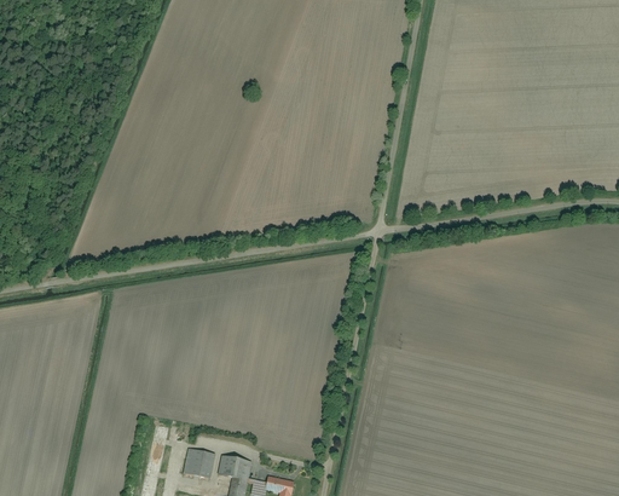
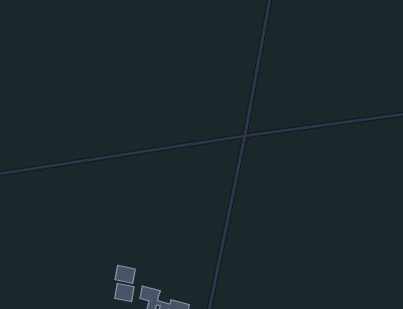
building: none -> [115,265,135,283]

